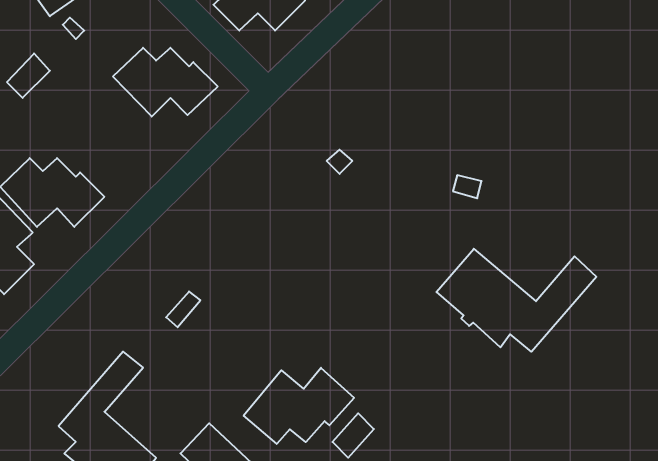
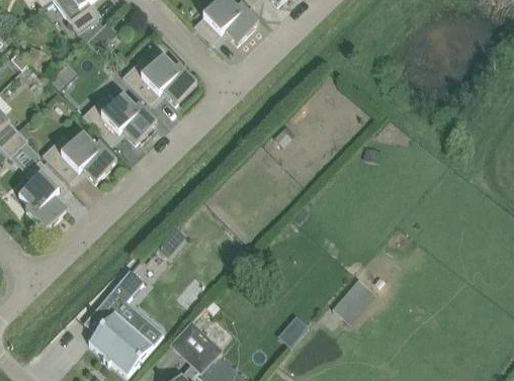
building: none -> [83,93,157,142]
building: [436,249,596,352] -> none
building: none -> [333,277,369,315]
building: [244,368,354,444] -> none

